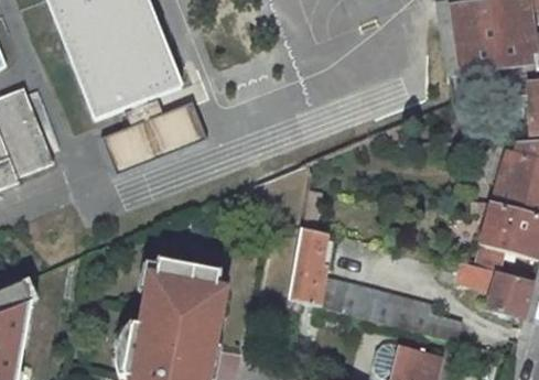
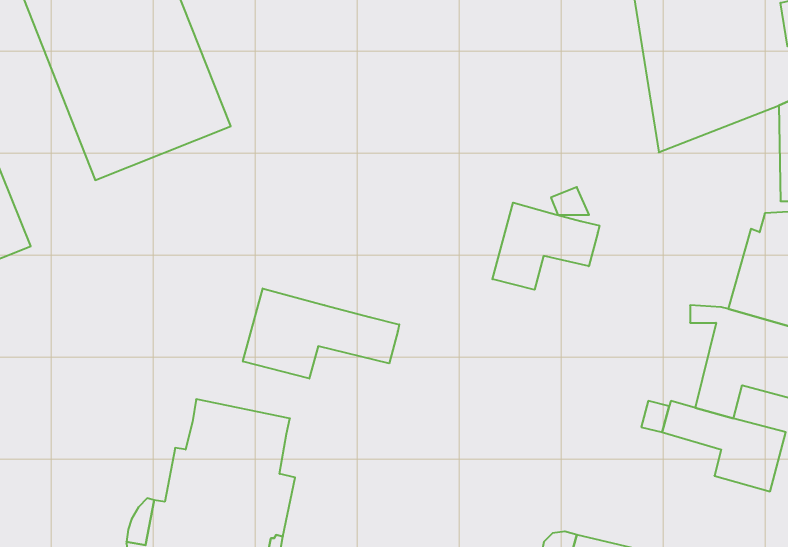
building: none -> [492,203,599,290]
building: none -> [243,288,399,379]
building: [288,227,460,341] -> none

